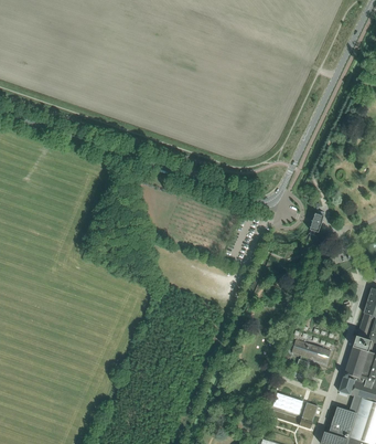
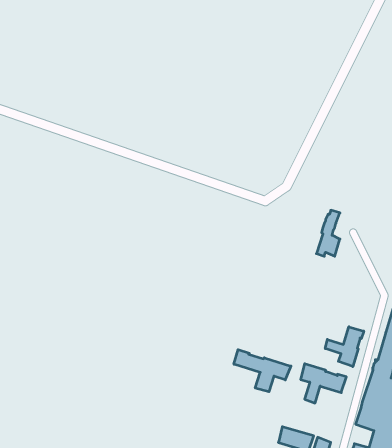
building: none -> [325,327,364,367]
building: none -> [234,350,291,392]

